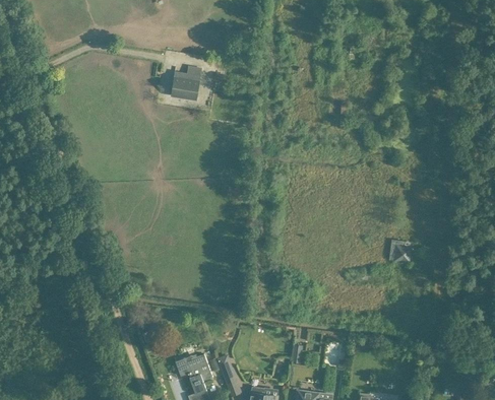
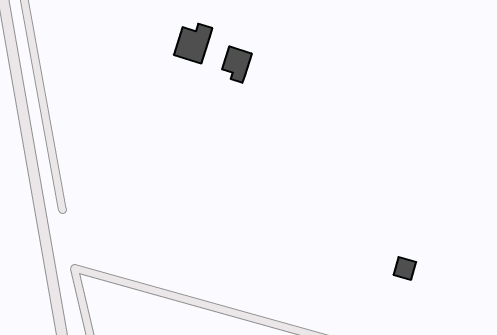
building: none -> [222,46,252,83]

